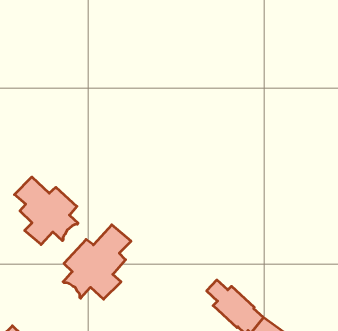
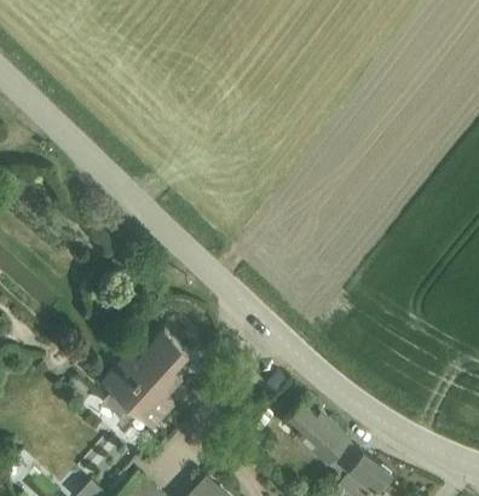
building: [14,177,78,245] -> none

